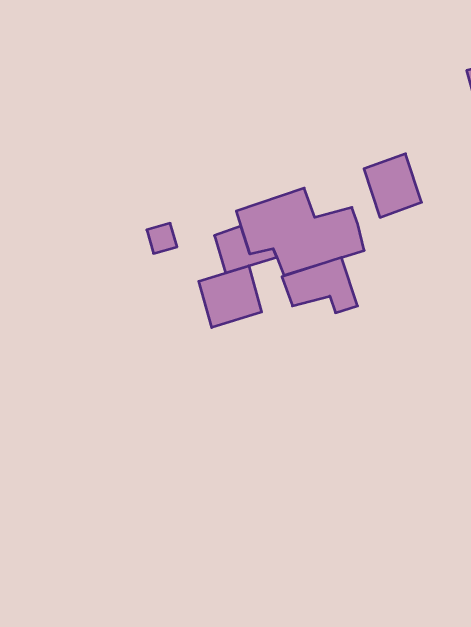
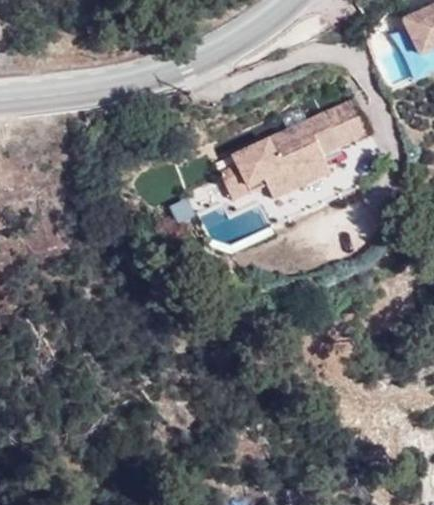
building: [282,257,358,313] -> [270,131,327,172]
building: [199,266,262,328] -> none

